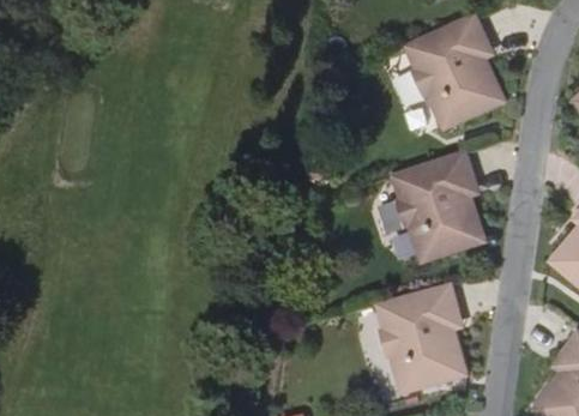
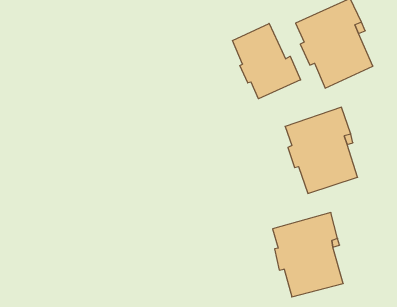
building: none -> [232,23,301,99]

